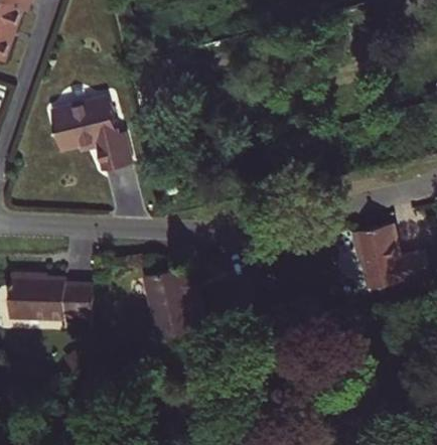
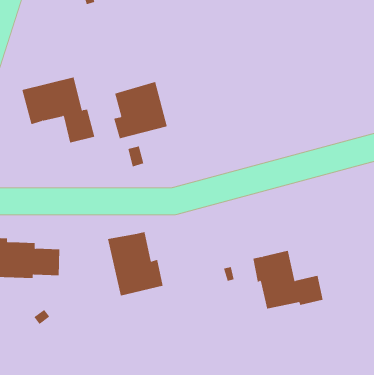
building: none -> [113,81,168,139]
building: [352,223,430,287] -> [253,250,324,309]

